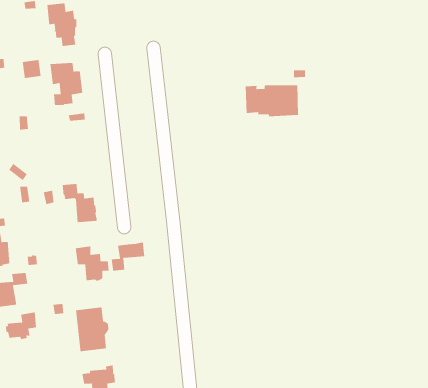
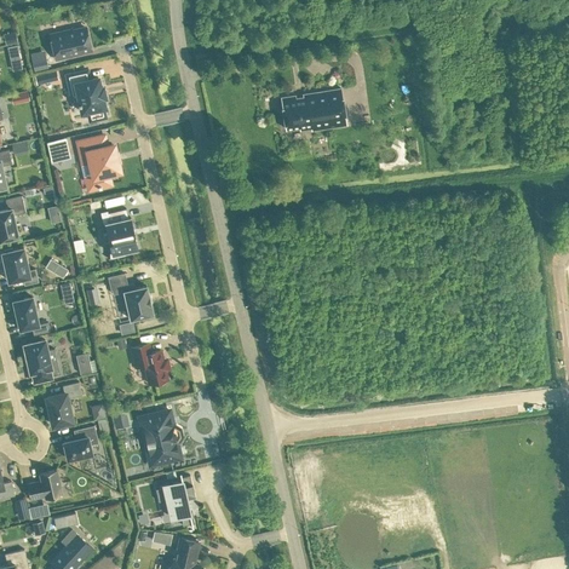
building: [245,85,299,117] -> [281,90,346,131]
building: none -> [99,208,138,259]
building: [111,242,145,271] -> none

